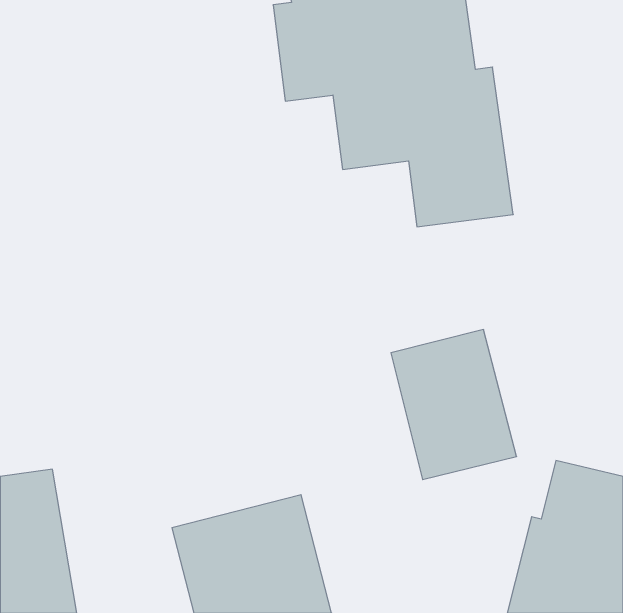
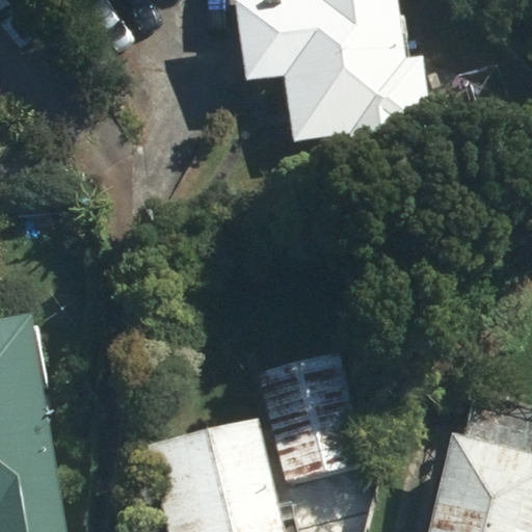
building: [391,330,517,480] -> [261,355,368,483]

